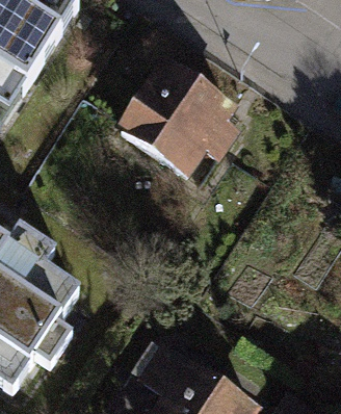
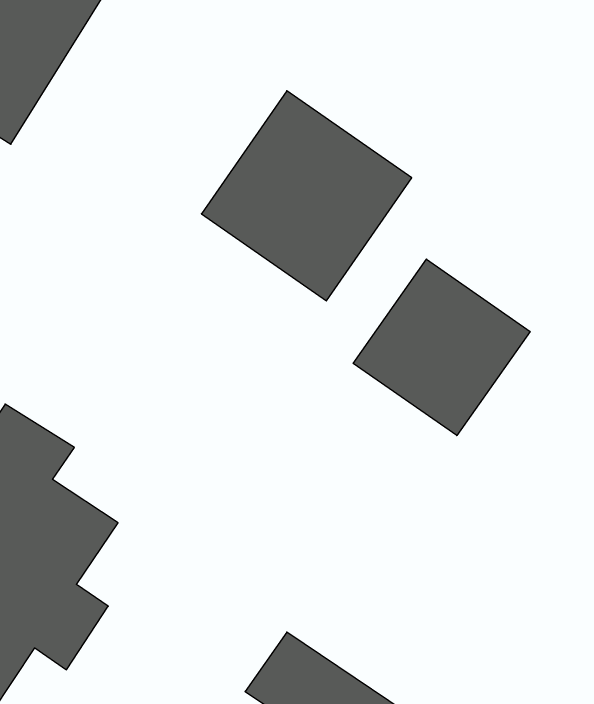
building: none -> [353,259,530,436]

